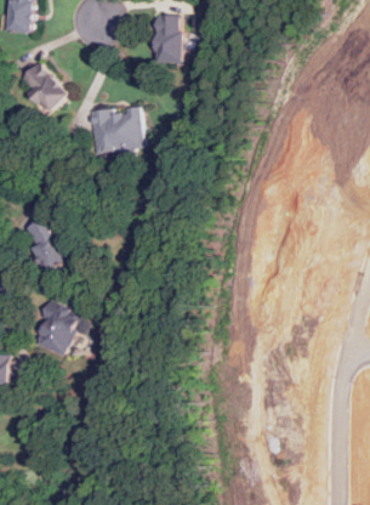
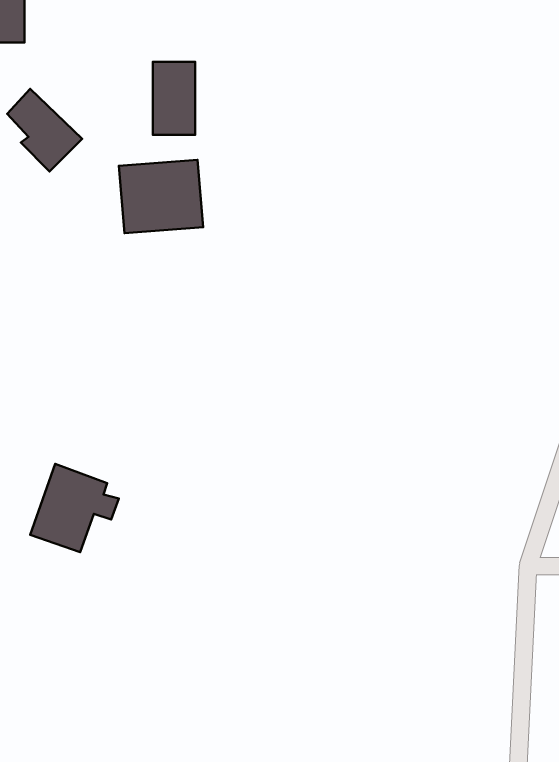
building: [153,17,180,63] -> [153,62,195,135]
building: [24,217,67,269] -> none

